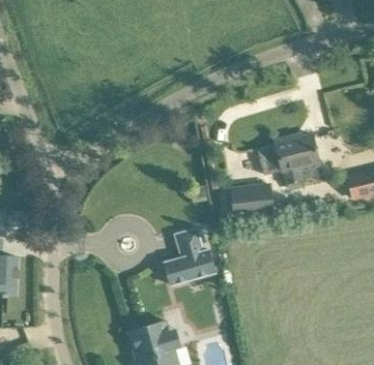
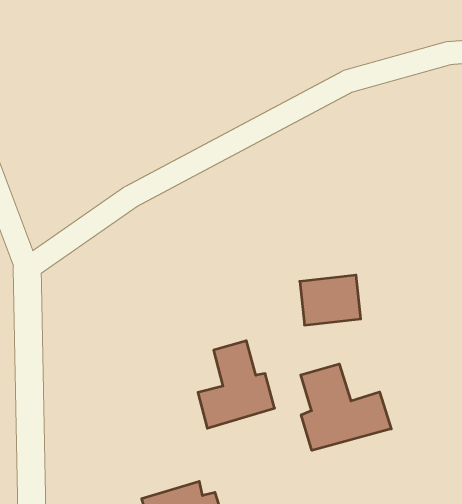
building: [257,134,318,184] -> none
building: none -> [301,364,391,450]

